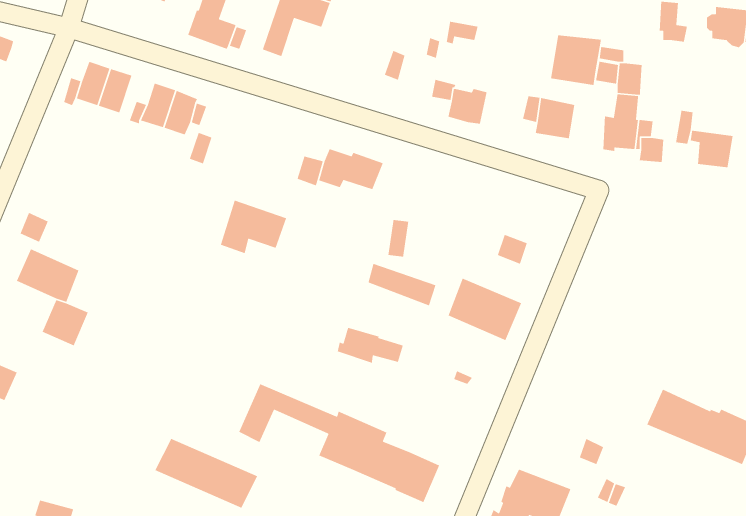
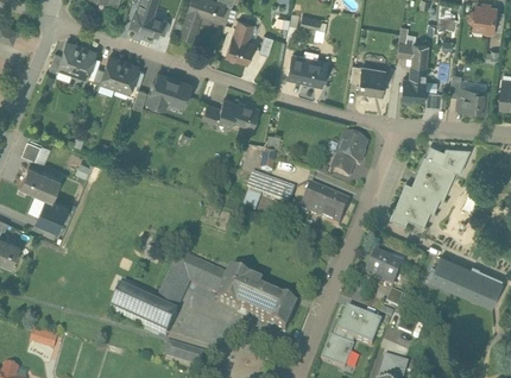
building: none -> [226,20,253,63]
building: [550,34,602,86] -> none
building: [220,200,287,254] -> [147,74,191,109]
building: none -> [336,136,366,164]
building: none -> [391,145,472,226]
building: [337,327,404,364] -> none
building: none -> [366,254,402,286]

